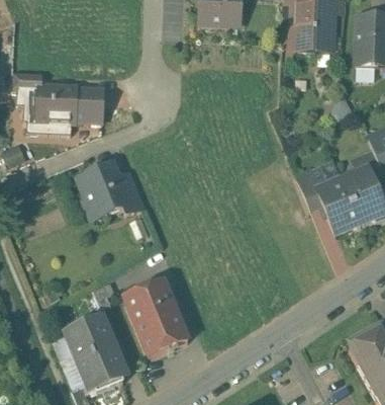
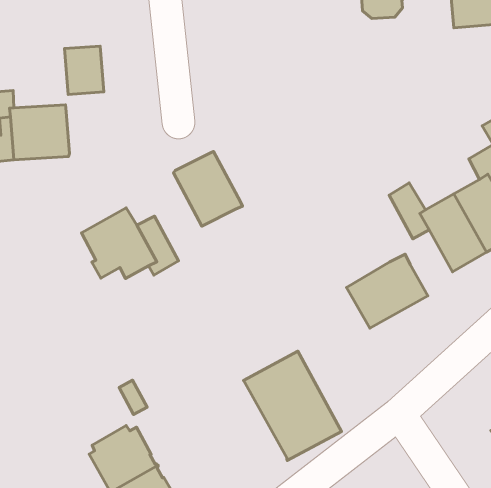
building: [77,88,103,122] -> [64,46,104,94]
building: none -> [174,152,243,226]
building: none -> [347,254,428,328]
building: [123,280,188,356] -> [243,351,342,461]

